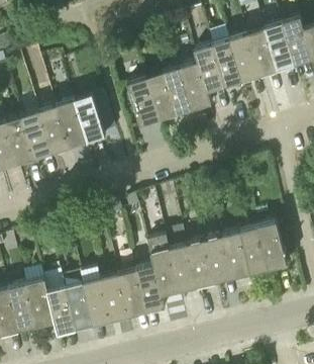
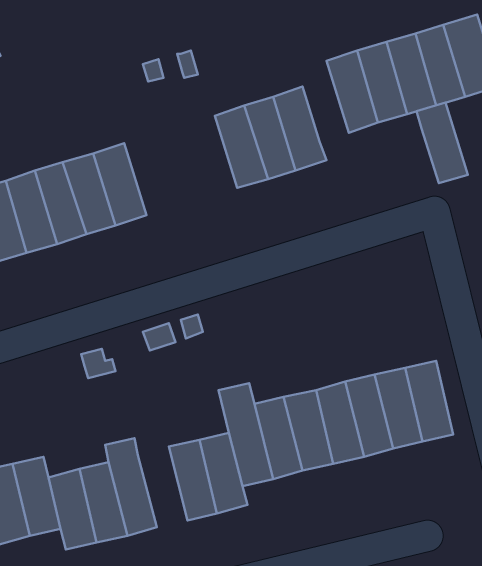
building: [194,46,224,93] -> [416,103,468,183]
building: [126,78,159,126] -> none
building: [100,273,129,321] -> none

